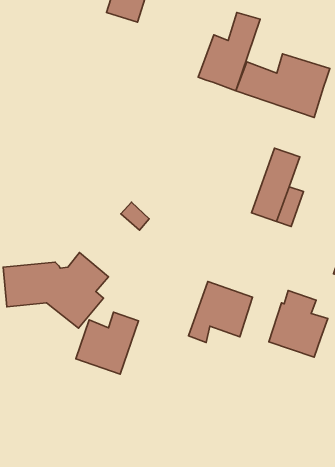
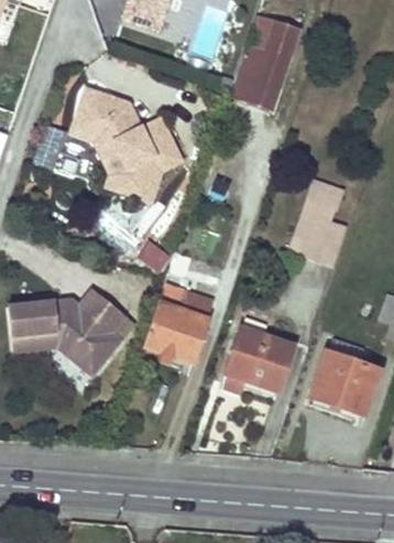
building: [236,54,330,117] -> none
building: none -> [72,90,184,203]
building: [76,312,138,374] -> [143,286,215,357]

